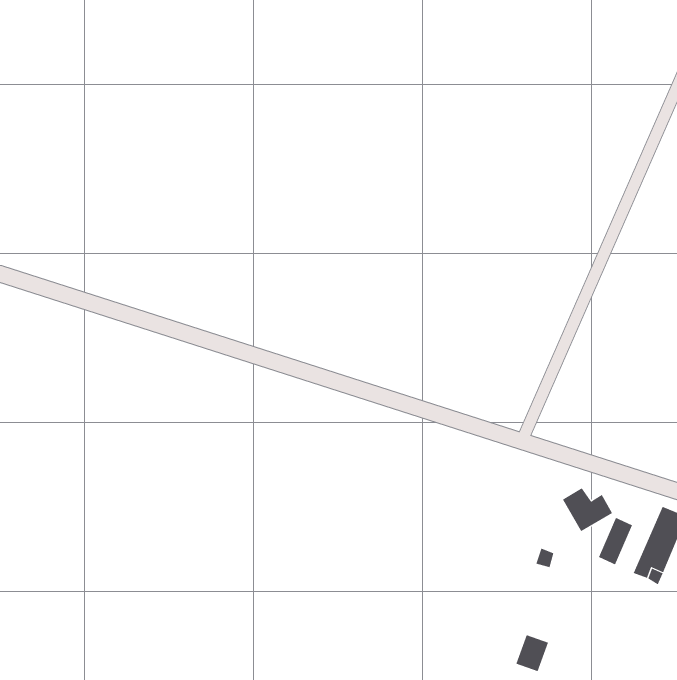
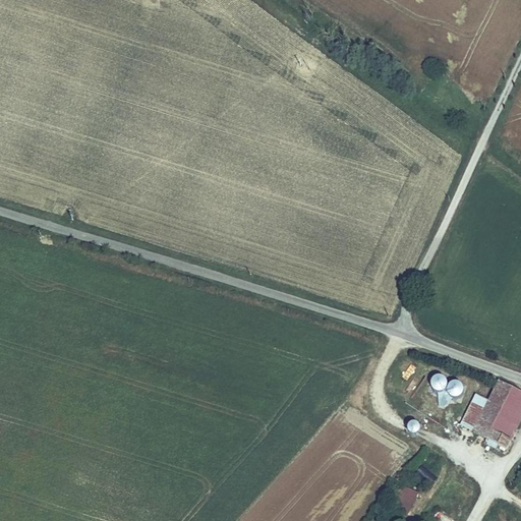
building: none -> [473,380,509,437]

